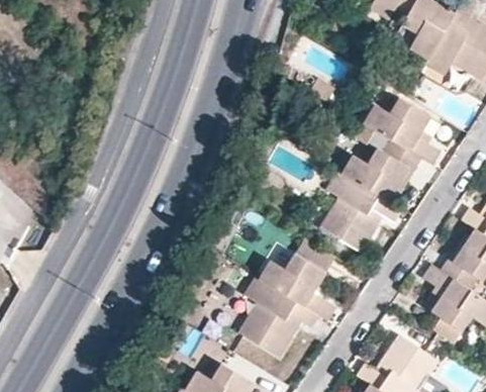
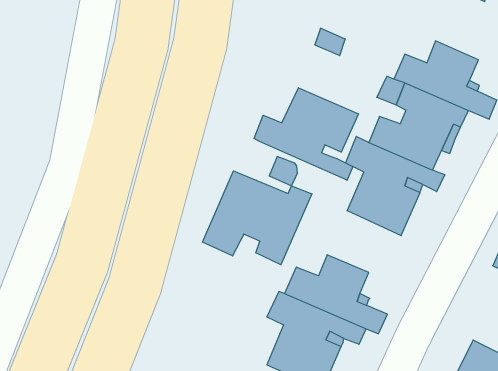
building: none -> [254,88,358,180]
building: none -> [202,171,312,265]

